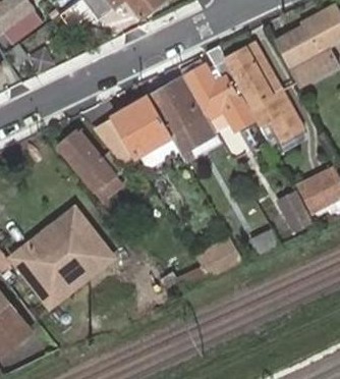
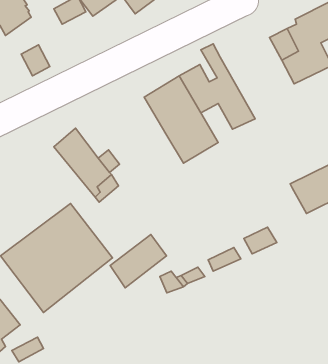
building: [224,46,300,141] -> none
building: [113,99,171,159] -> none
building: [274,188,314,233] -> none
building: none -> [110,234,166,288]

